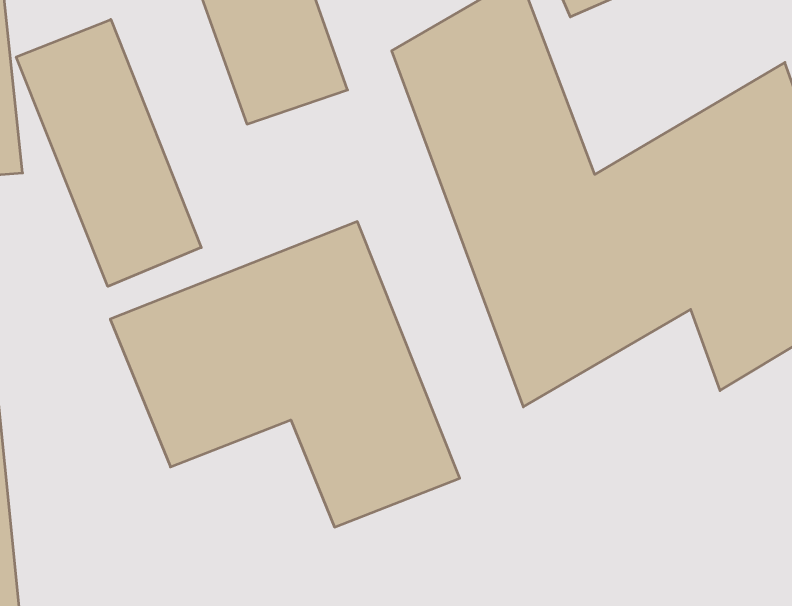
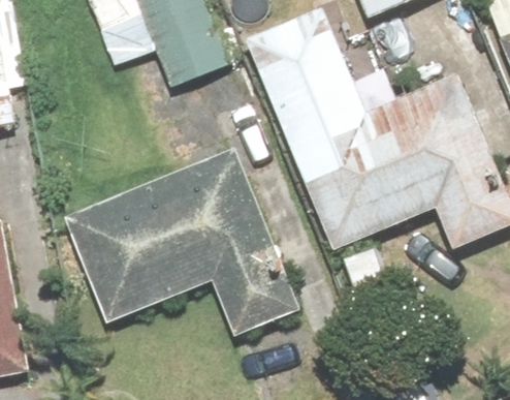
building: [16,19,201,286] -> none

